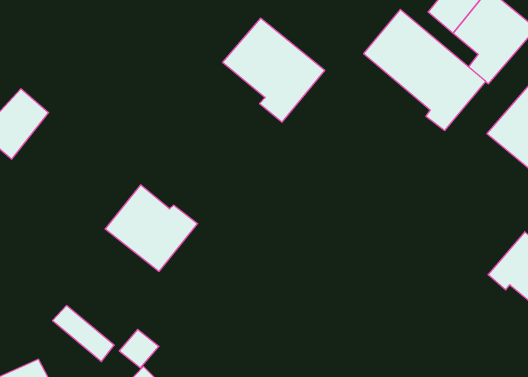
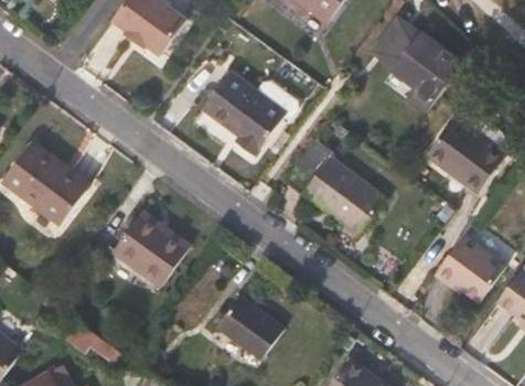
building: [364,10,486,130] -> [282,141,386,240]
building: none -> [28,159,89,224]
building: none -> [214,297,280,360]

